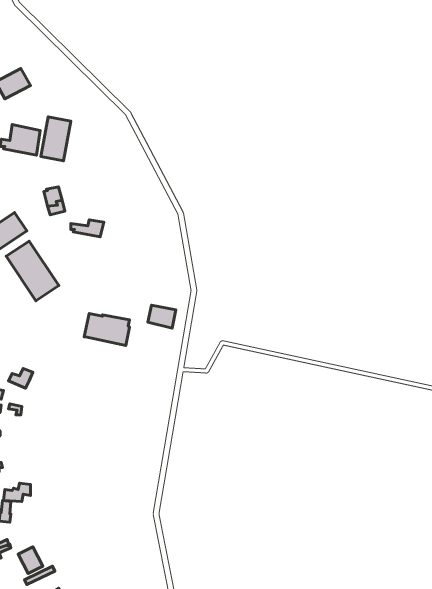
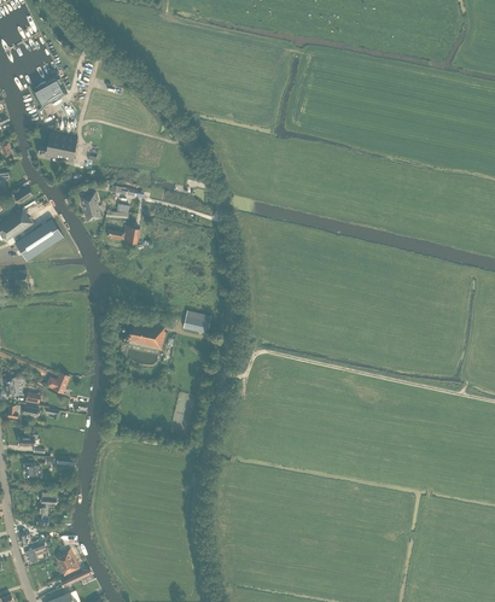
building: [41,117,71,161] -> none
building: [6,241,59,301] -> none

